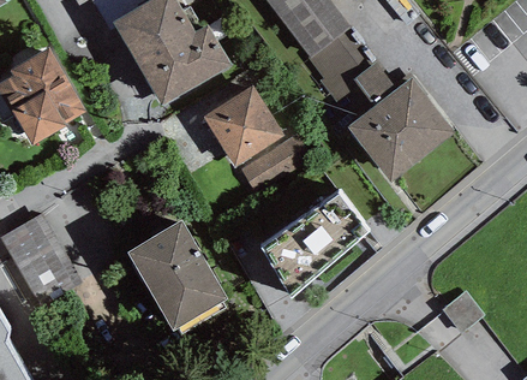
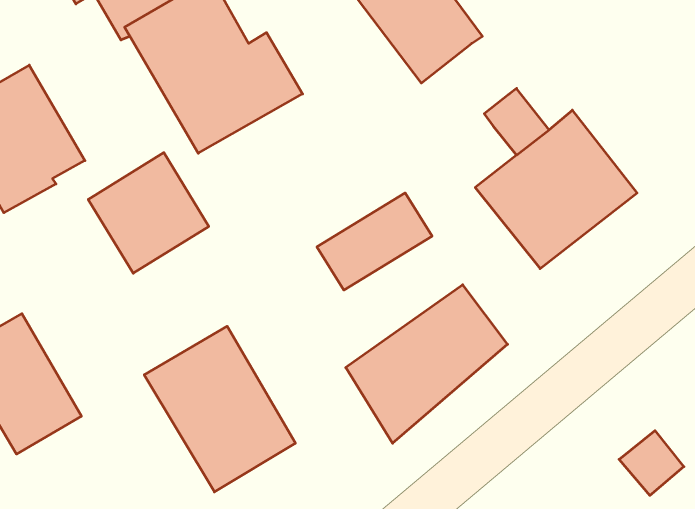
building: [307,31,369,102] -> none
building: [203,85,283,166] -> [88,153,209,273]

